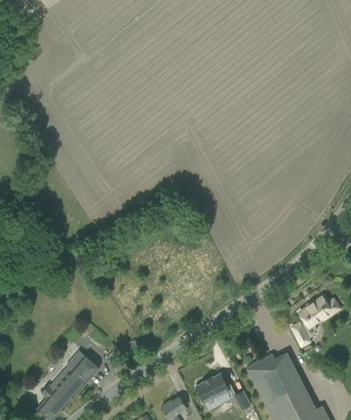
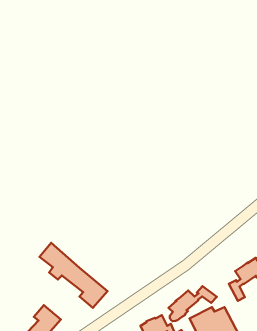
building: none -> [40,243,108,308]
building: none -> [169,286,217,321]

